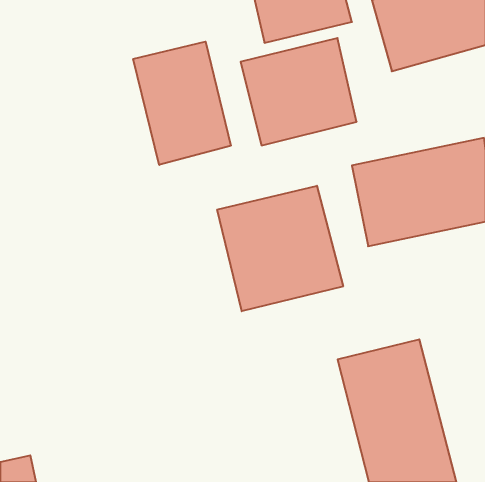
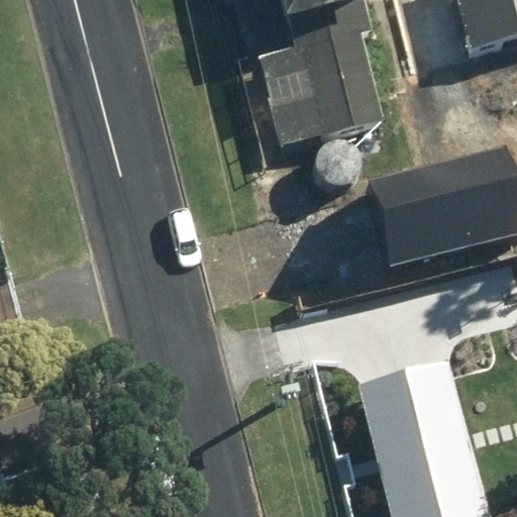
building: [133,42,231,165] -> none
building: [217,186,343,311] -> none

